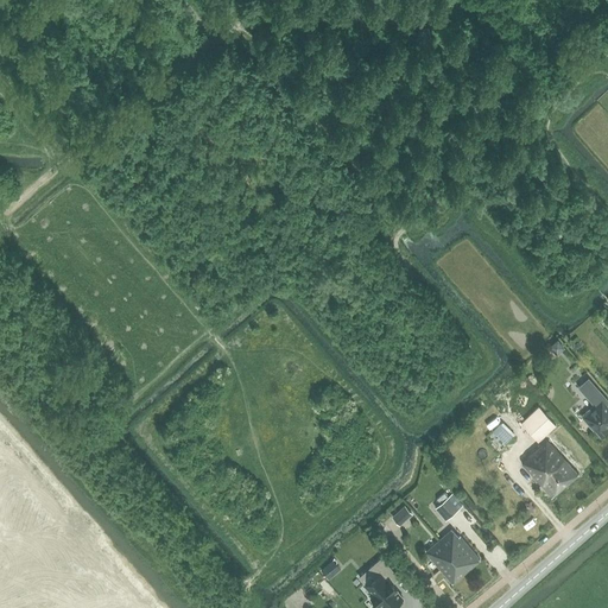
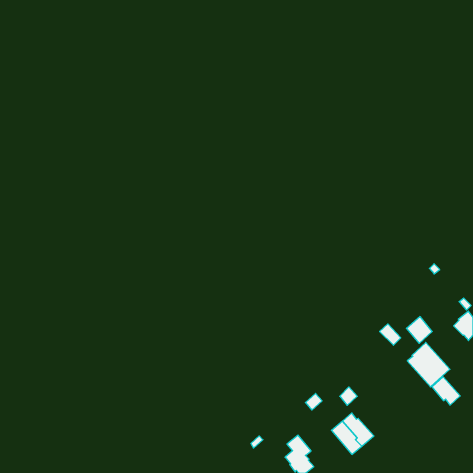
building: none -> [432,377,460,405]

